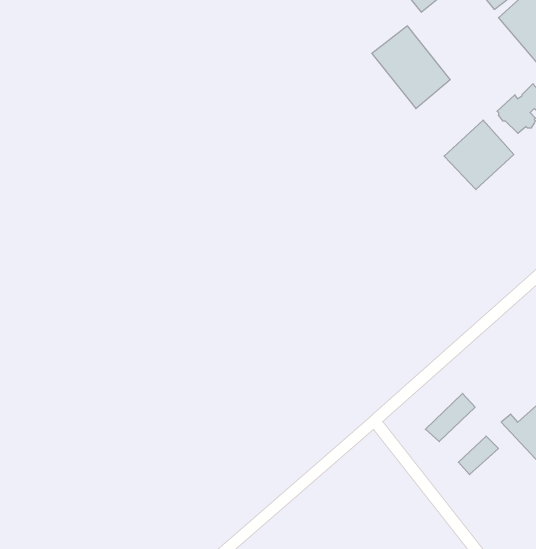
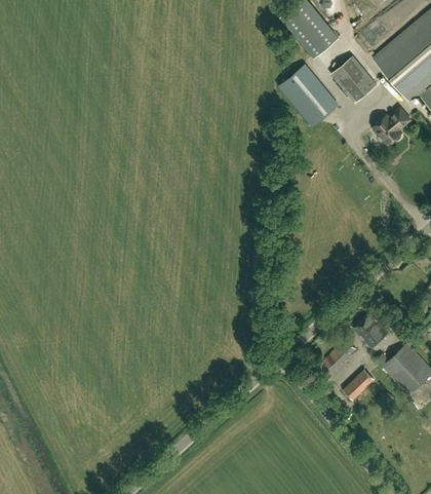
building: none -> [331,55,377,103]
building: [444,120,514,190] -> none
building: none -> [354,314,388,348]

